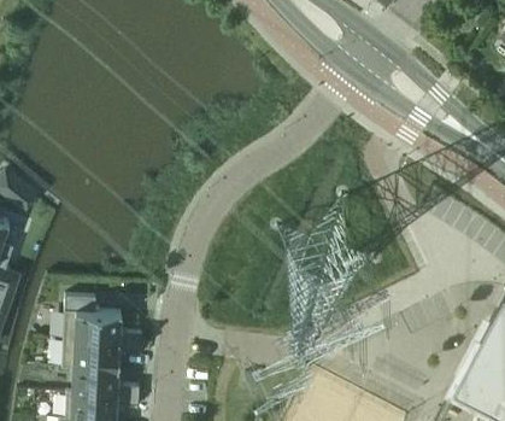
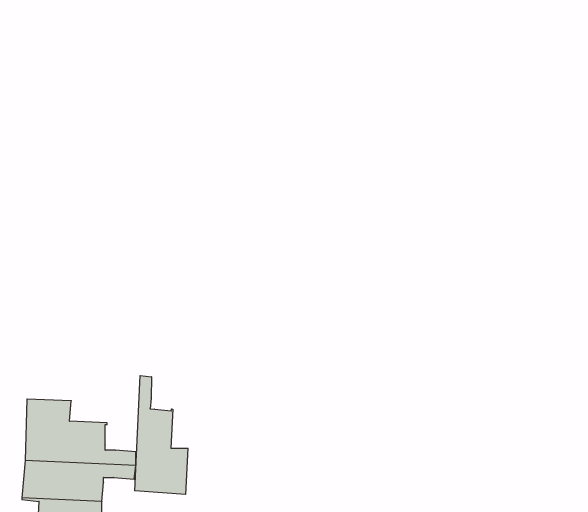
building: none -> [135,376,188,494]

